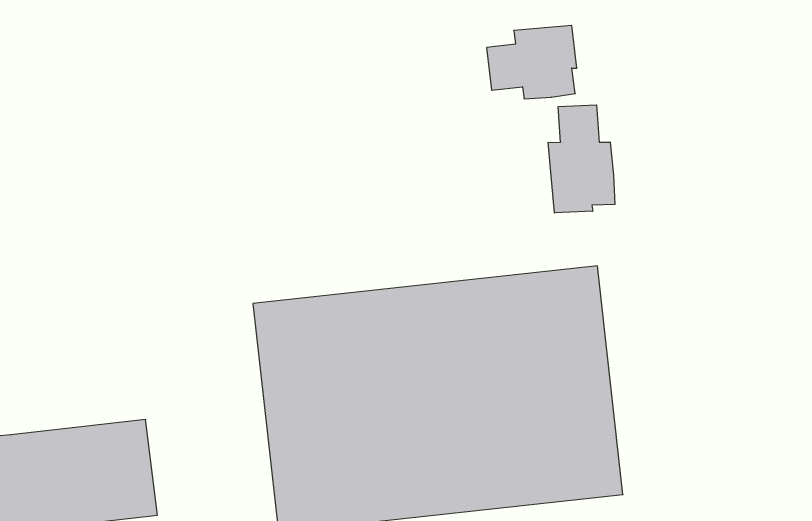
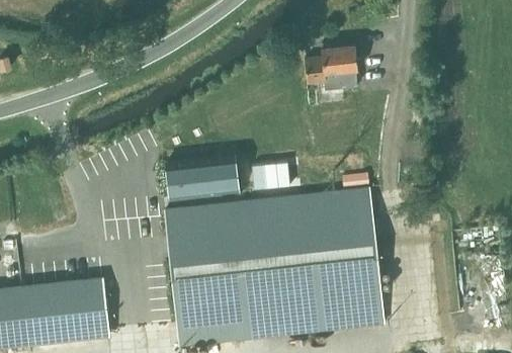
building: [548,105,615,213] -> none
building: none -> [166,156,239,199]

